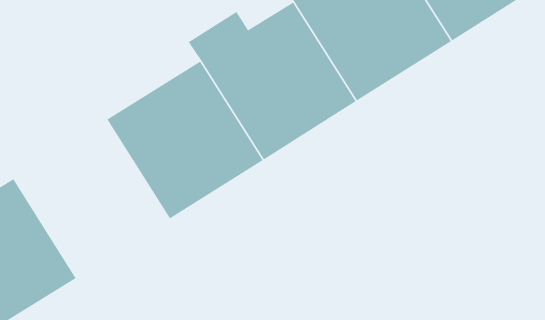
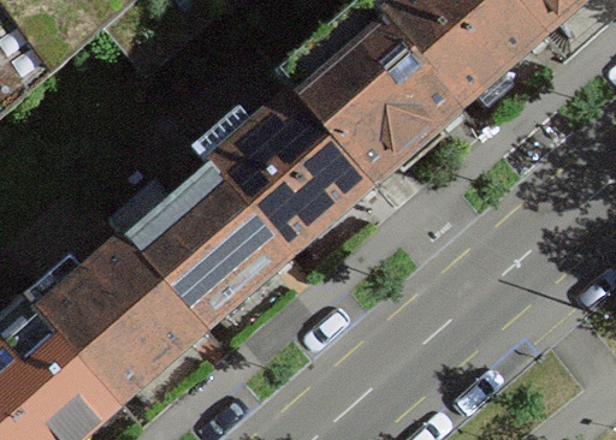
building: none -> [60,219,223,382]

